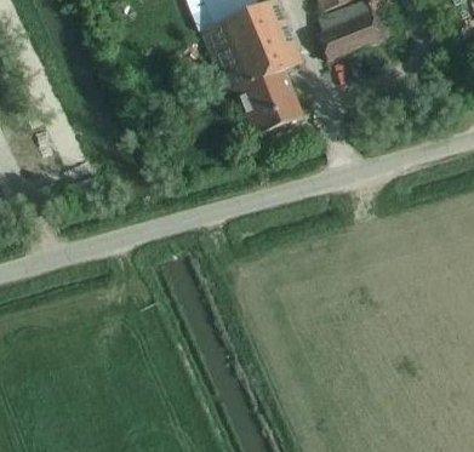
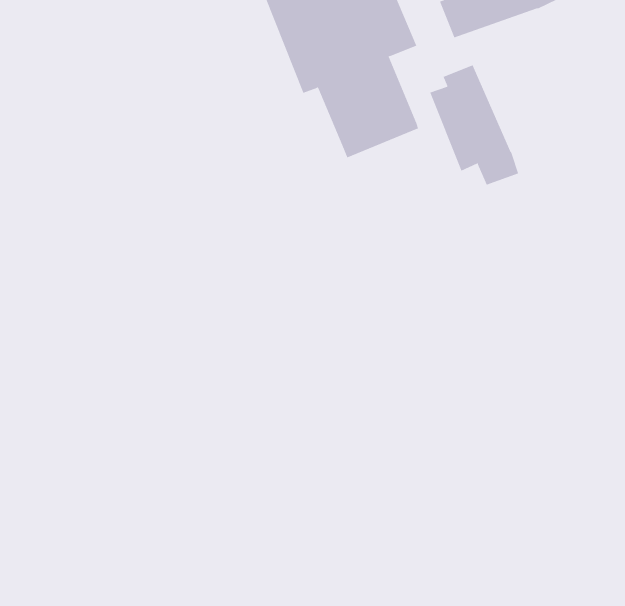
building: none -> [429,64,519,185]

